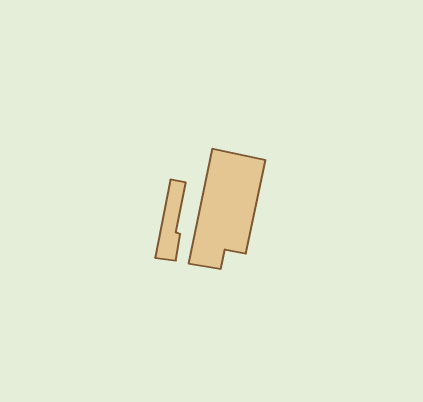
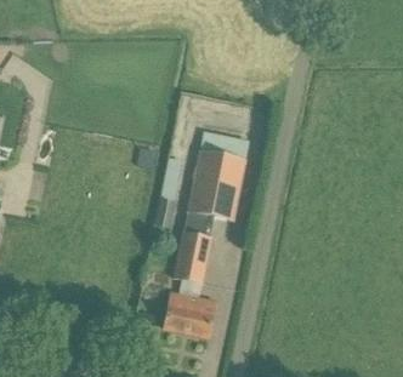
building: none -> [174,230,214,285]
building: none -> [165,293,217,336]

